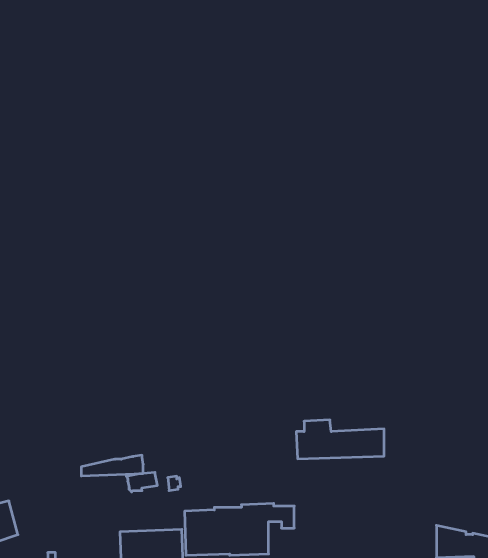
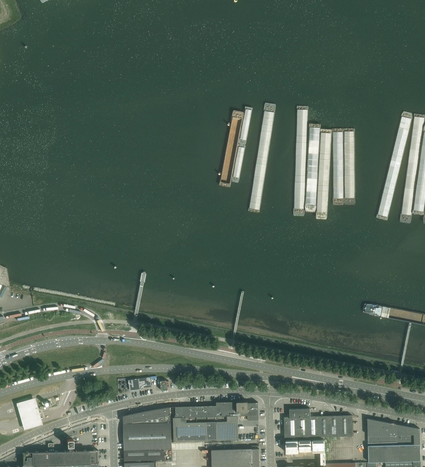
building: [296,420,384,459] -> [283,409,351,439]
building: [81,455,143,476] -> [122,408,170,424]

